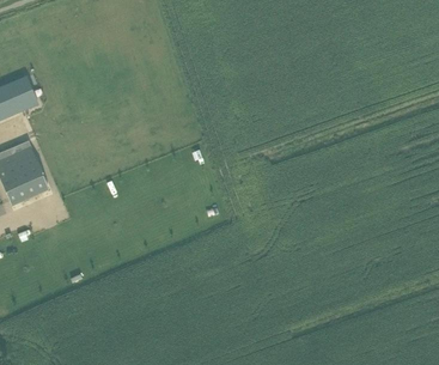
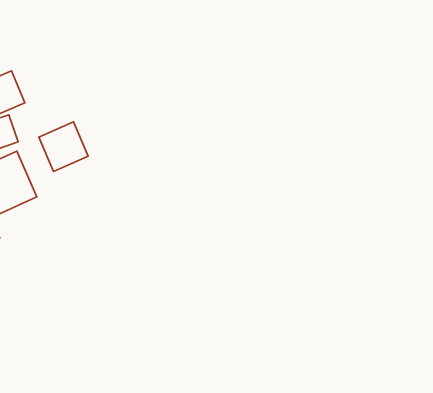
building: none -> [39,122,88,171]

